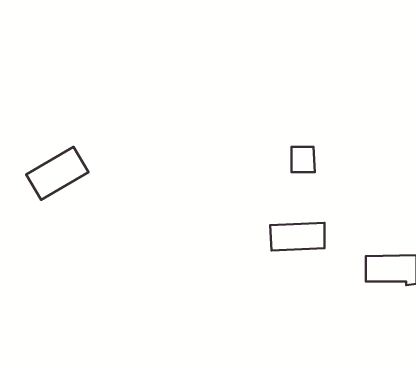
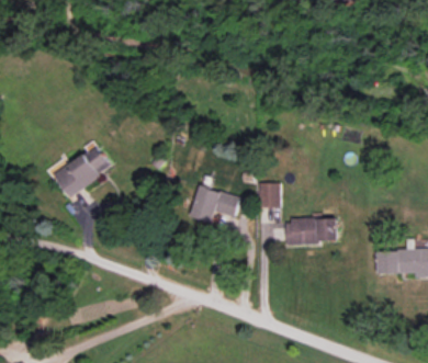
building: [292,147,315,172] -> [258,182,280,206]
building: none -> [189,185,239,228]

